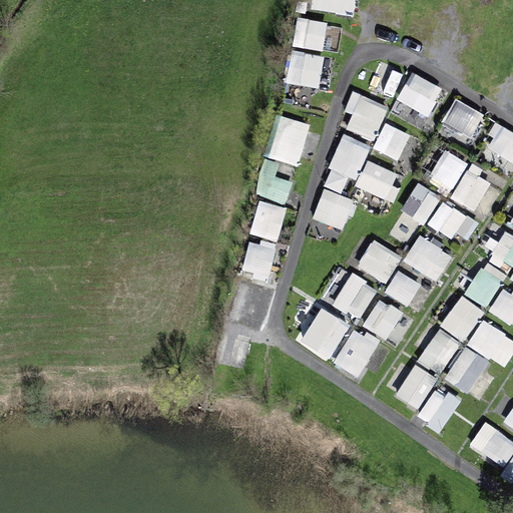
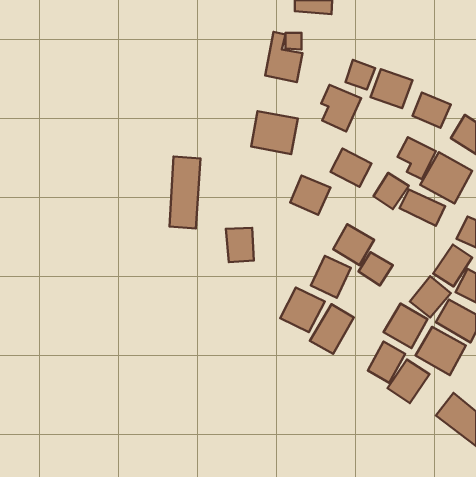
building: [373,123,411,161] -> none
building: [325,135,367,194] -> none
building: [255,167,289,244] -> [170,156,200,228]
building: [404,235,442,276] -> none
building: [364,299,414,346] -> none

